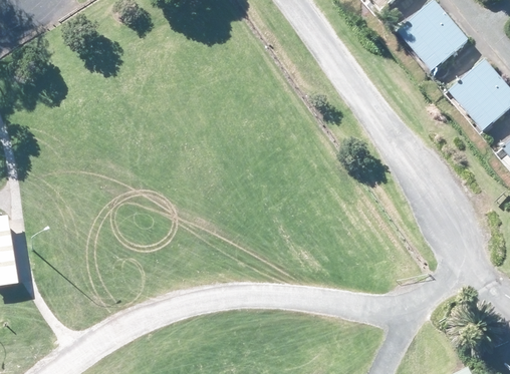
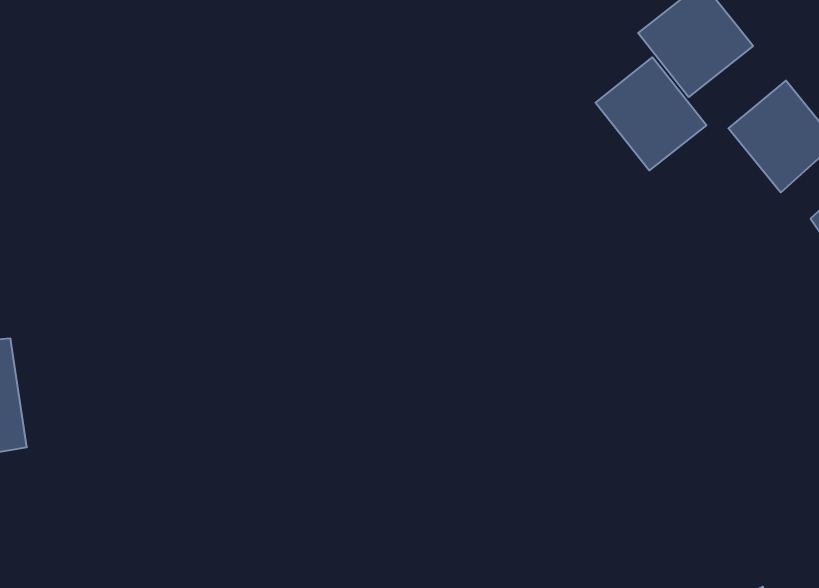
building: none -> [595,57,706,170]

